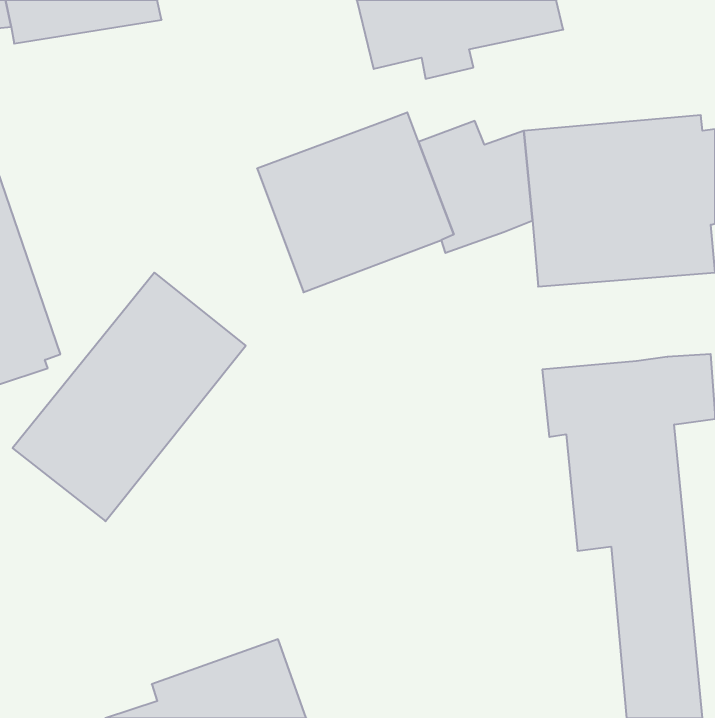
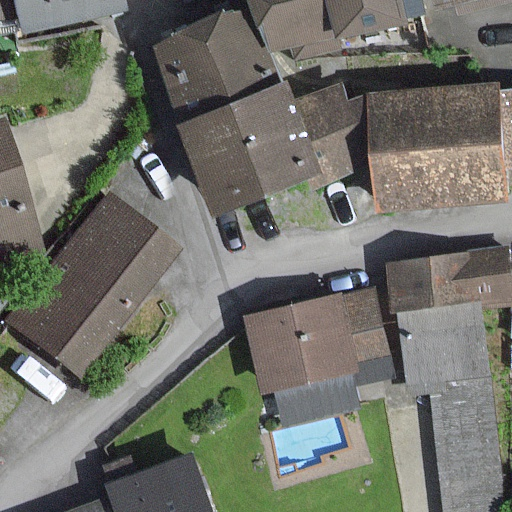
building: none -> [154,8,277,120]
building: none -> [245,293,383,418]

